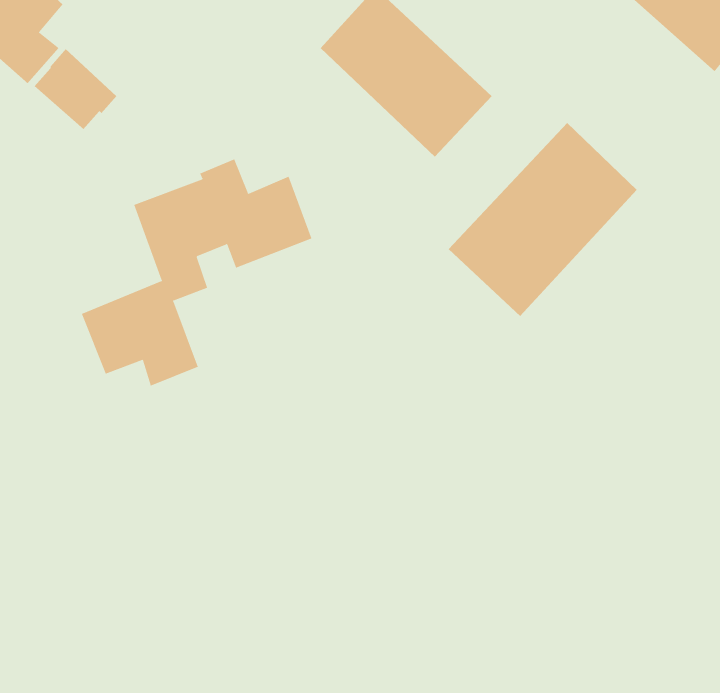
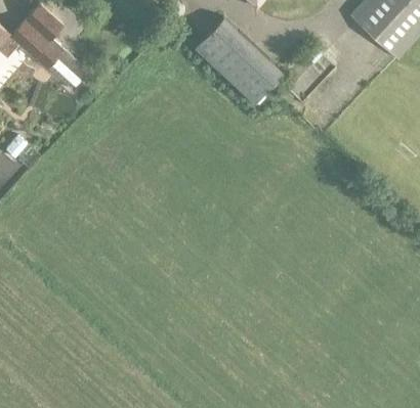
building: [448,122,637,317] -> none
building: [81,158,312,386] -> none

